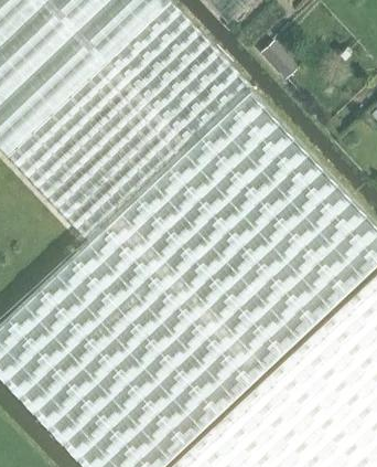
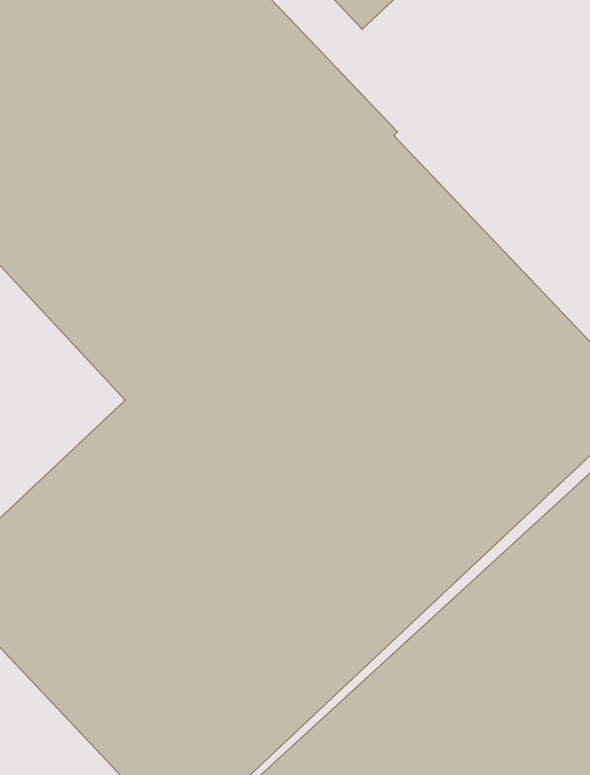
building: [261,35,299,73] -> none

